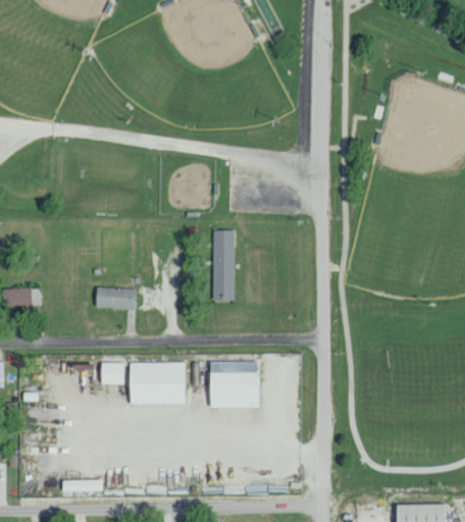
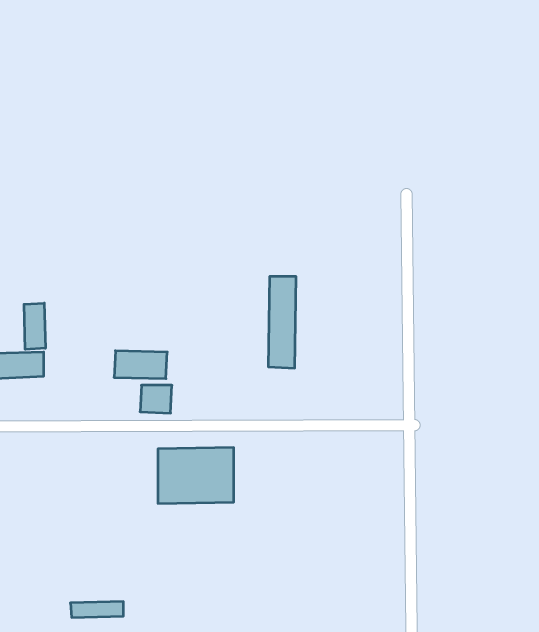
building: none -> [24,303,45,349]
building: [209,361,260,408] -> none
building: [100,363,124,384] -> [140,385,172,413]

